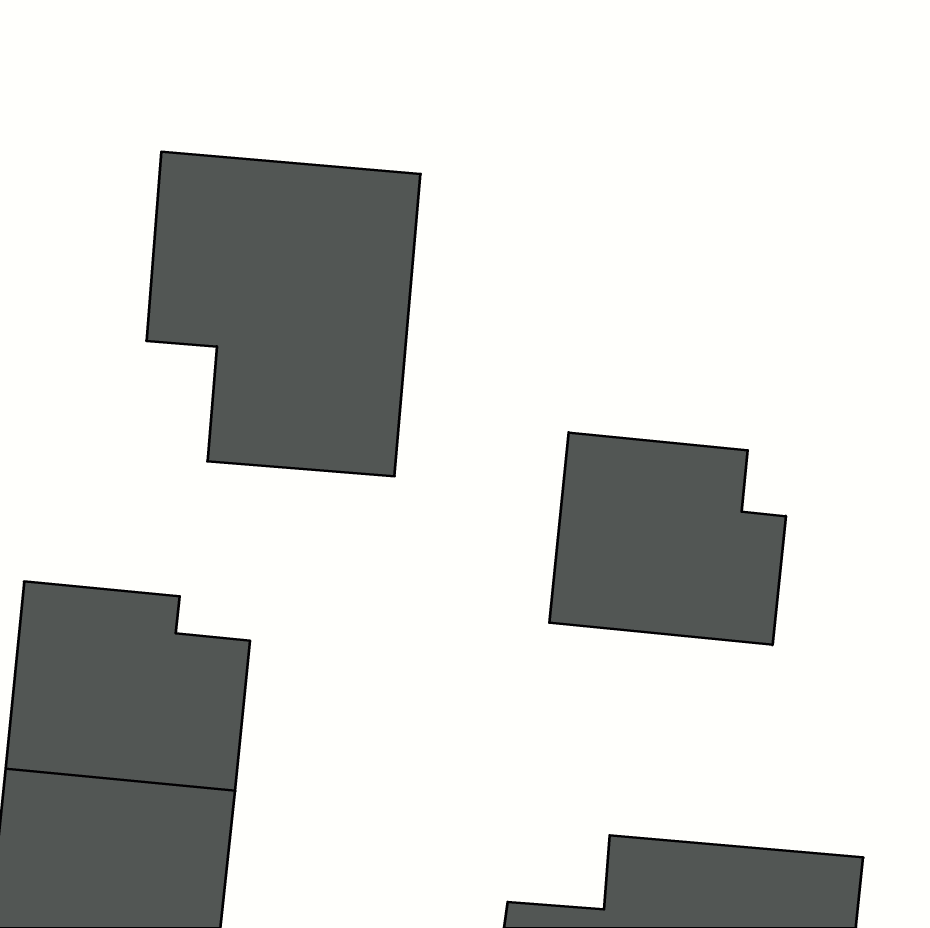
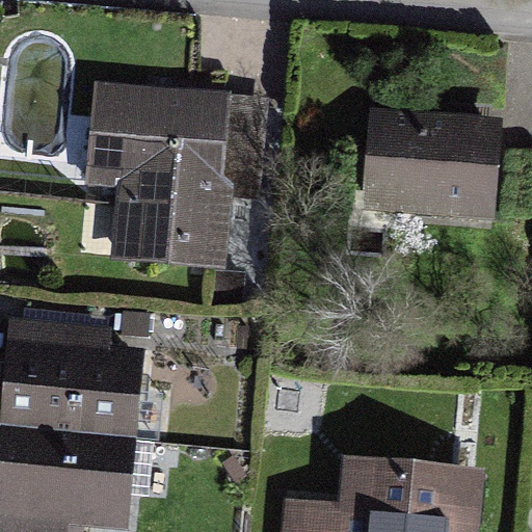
building: none -> [362,113,504,218]
building: [549,432,786,645] -> none

